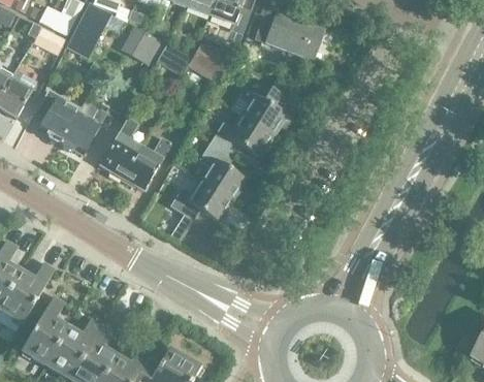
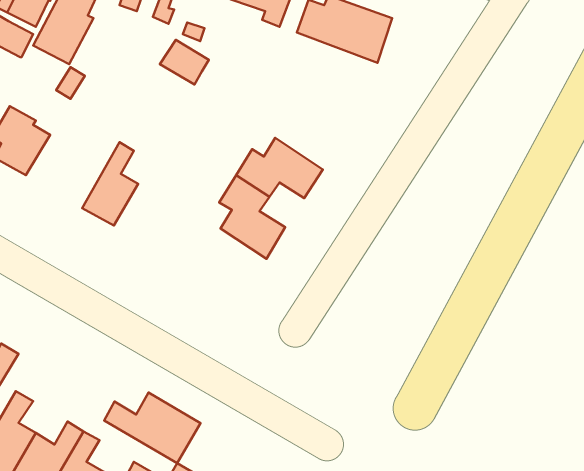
building: [121,25,161,65] -> none
building: [187,43,235,83] -> none
building: [231,75,292,136] -> none
building: [61,106,107,154] -> none
building: [124,137,170,189] -> none
building: [170,179,233,221] -> none
building: none -> [104,392,201,463]

